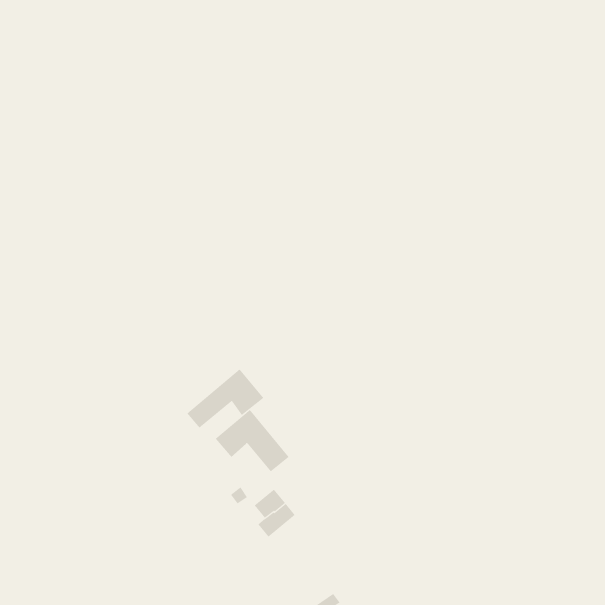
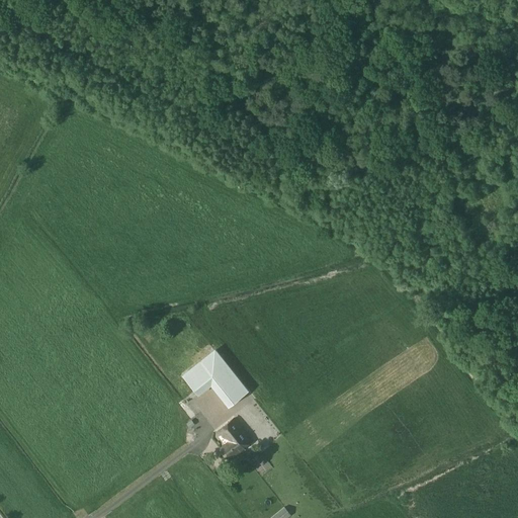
building: [186,369,264,429] -> none

